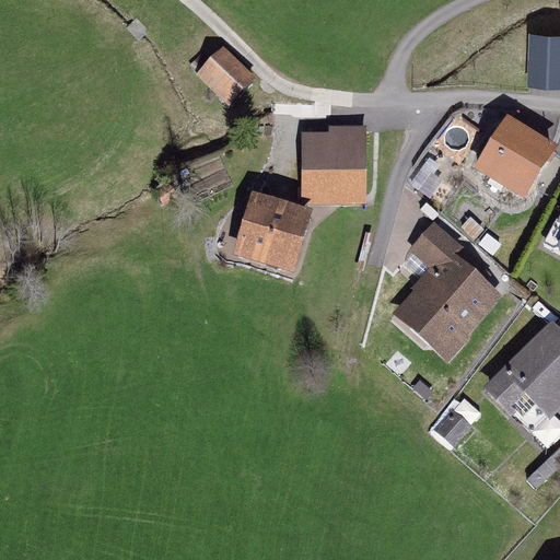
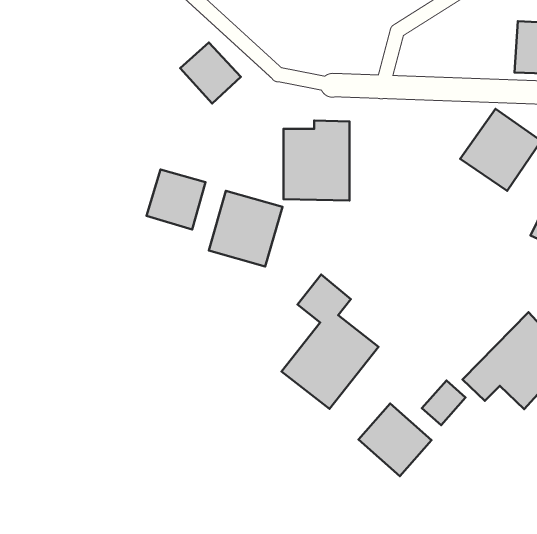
building: none -> [146,170,206,229]
building: [396,218,495,355] -> [282,275,379,409]
building: none -> [359,404,432,476]

